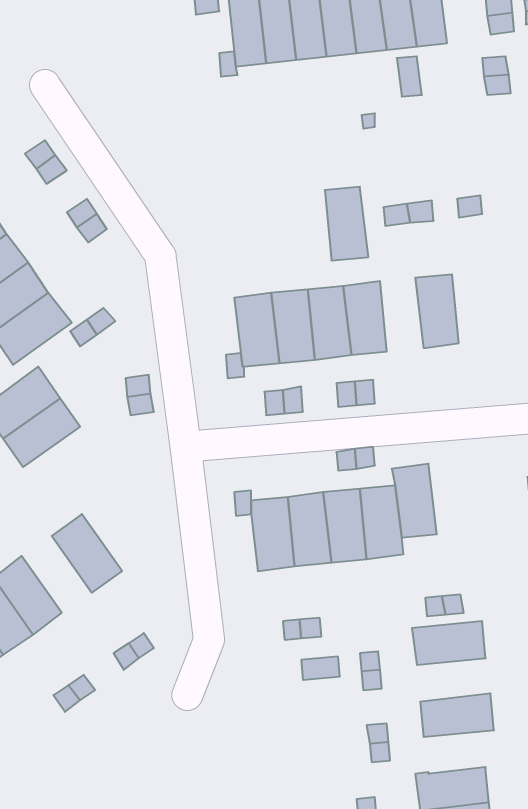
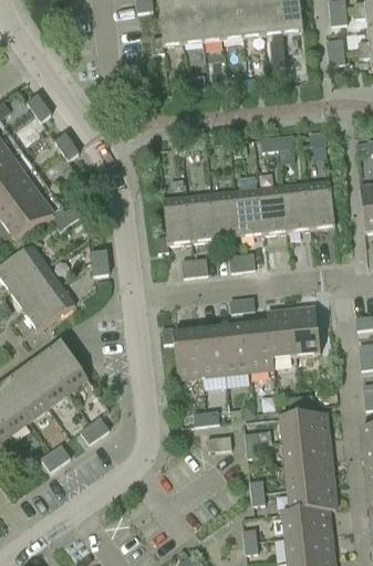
building: [325,187,368,260] -> [259,185,288,233]
building: none -> [307,179,335,228]
building: none -> [23,283,75,329]
building: none -> [291,305,321,354]
building: none -> [22,355,69,406]
building: none -> [283,436,332,464]
building: none -> [288,483,336,512]

